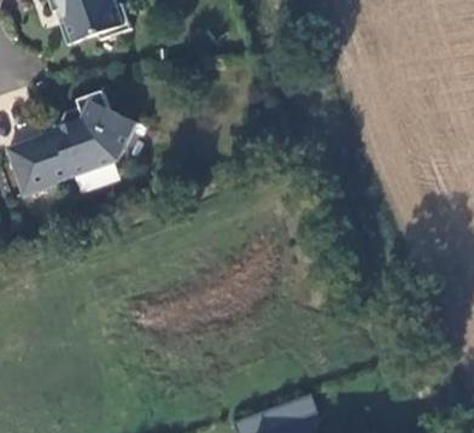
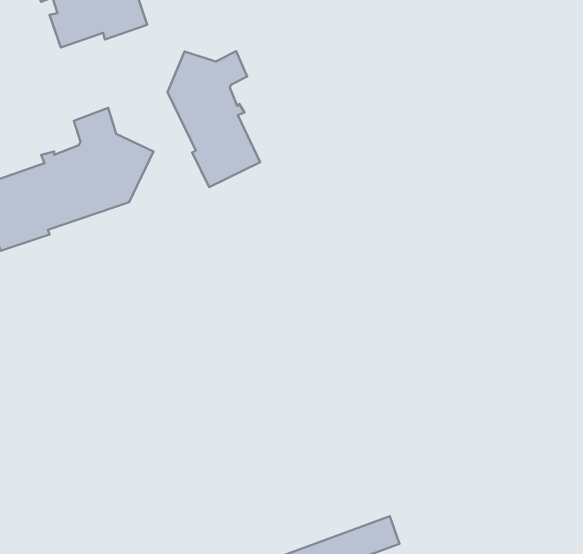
building: none -> [168,51,260,187]

